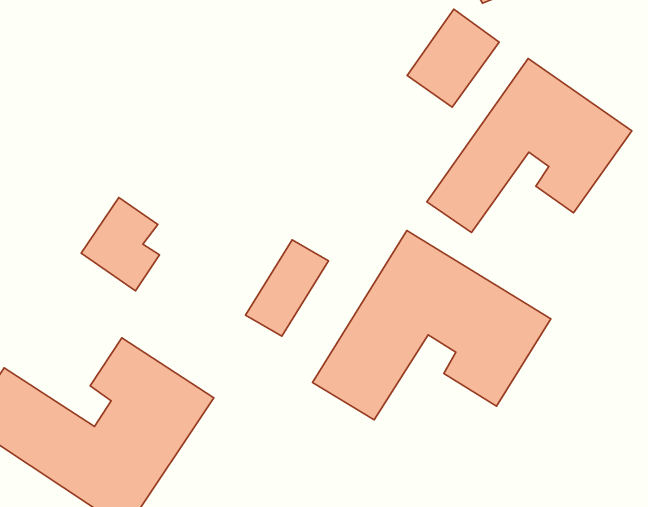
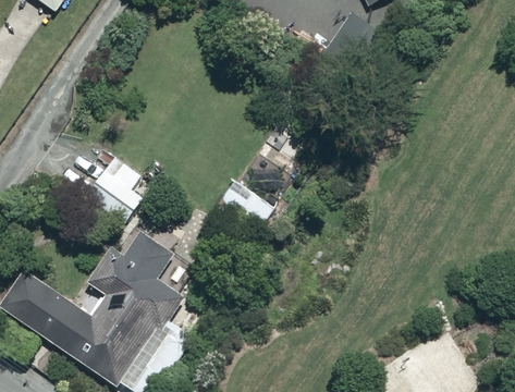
building: [427,59,632,232] -> none
building: [313,231,551,420] -> none

